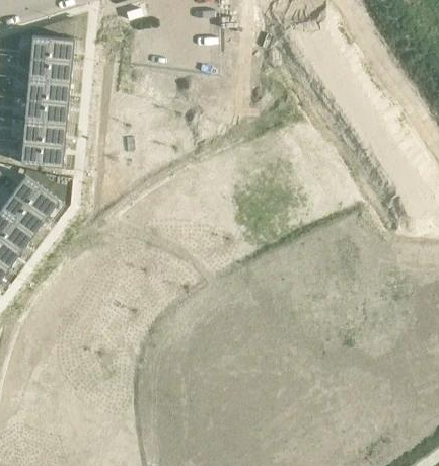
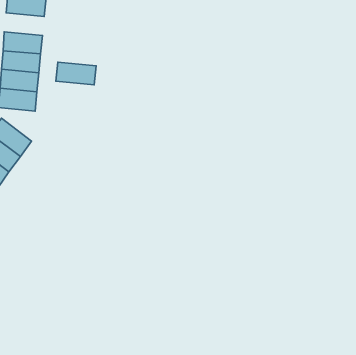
building: [27,59,72,84] -> [56,62,96,85]

